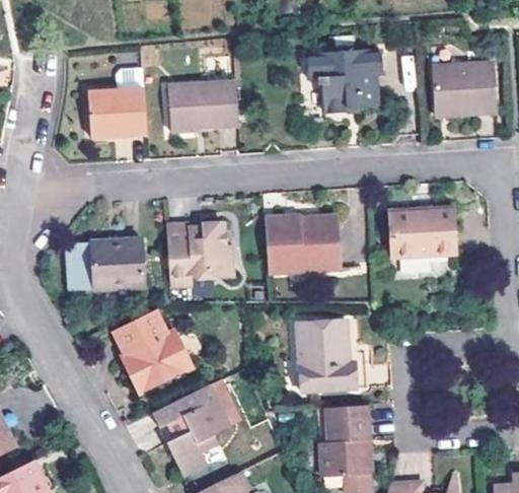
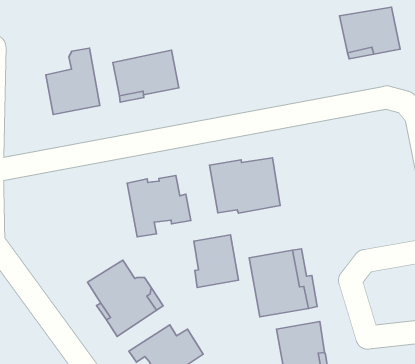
building: [308,49,382,114] -> none
building: [389,207,457,259] -> none
building: [72,237,145,289] -> none
building: none -> [194,235,238,288]

